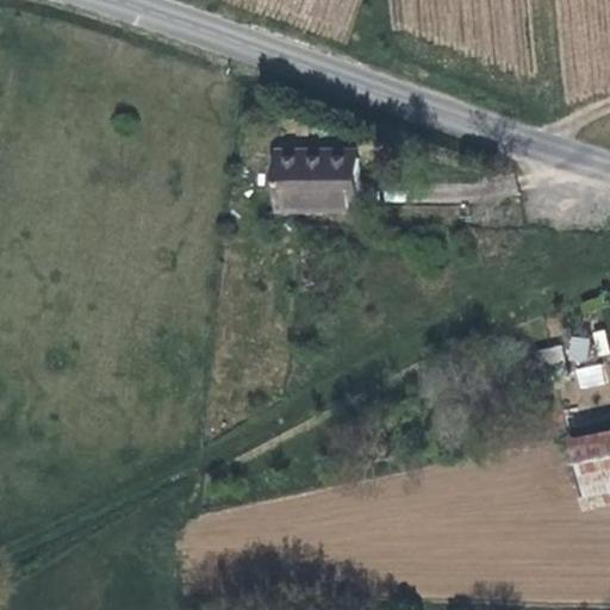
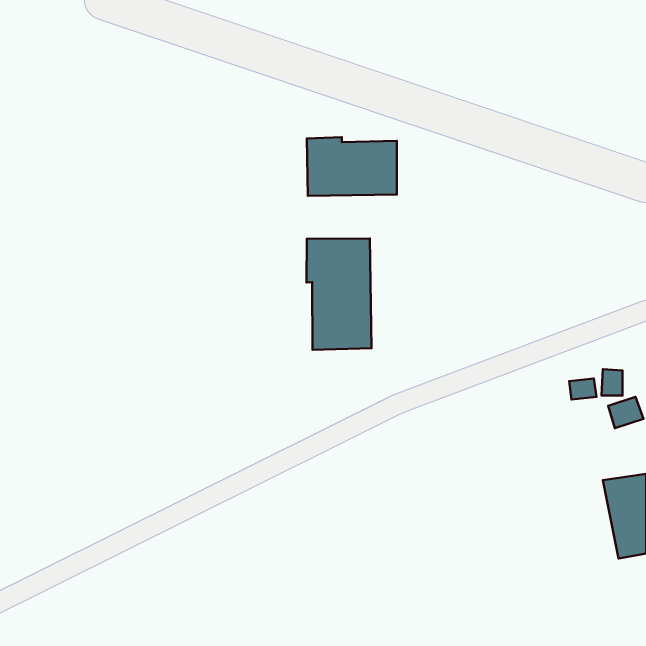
building: none -> [306,239,371,350]

